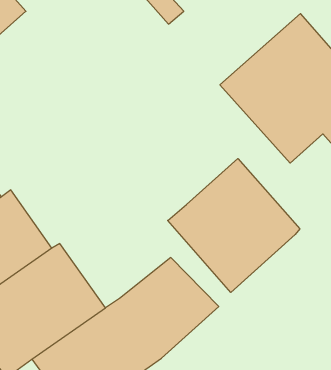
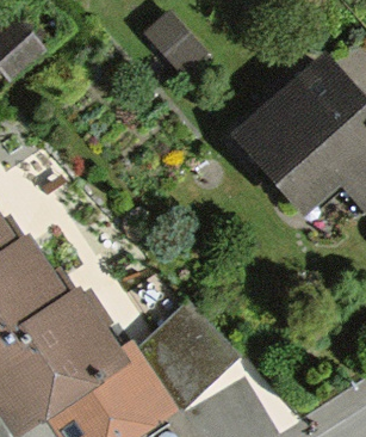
building: [168,159,300,292] -> none

